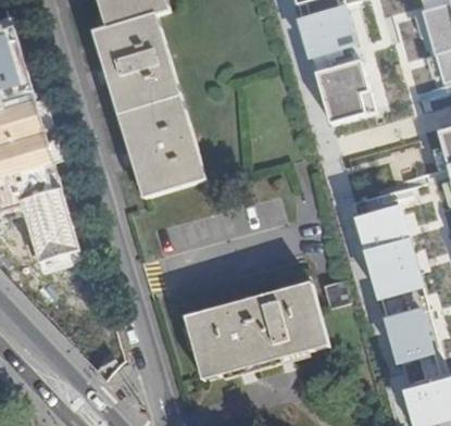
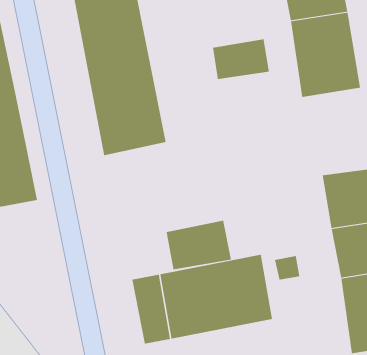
building: none -> [212,38,270,80]
building: none -> [166,220,231,270]

